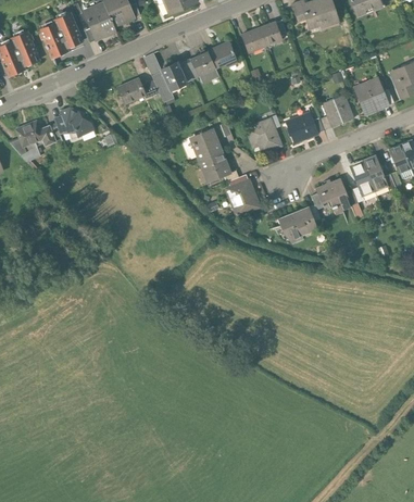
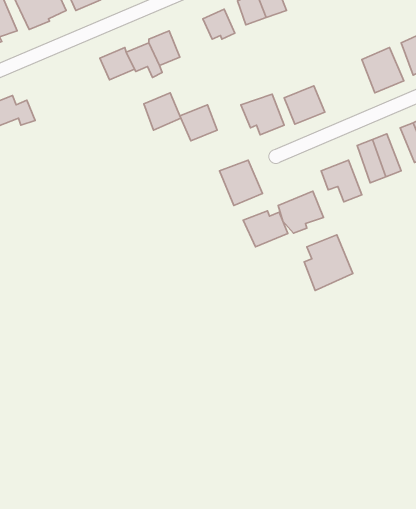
building: [189,50,217,77] -> none
building: [322,93,356,129] -> none
building: [52,106,95,138] -> none
building: [198,151,231,185] -> [144,93,181,130]
building: none -> [243,211,288,247]
building: none -> [304,235,353,290]

